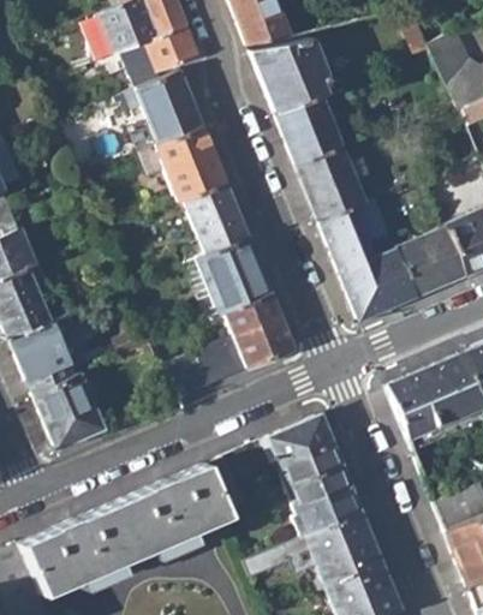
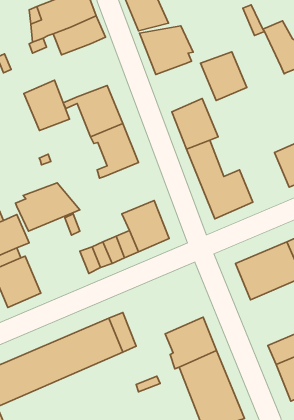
building: [137,72,203,145] -> [24,80,69,131]
building: [274,96,341,167] -> [200,52,247,101]
building: [395,228,467,298] -> none
building: [199,240,272,316] -> none
building: none -> [16,183,80,231]
building: [262,416,342,489] -> none

